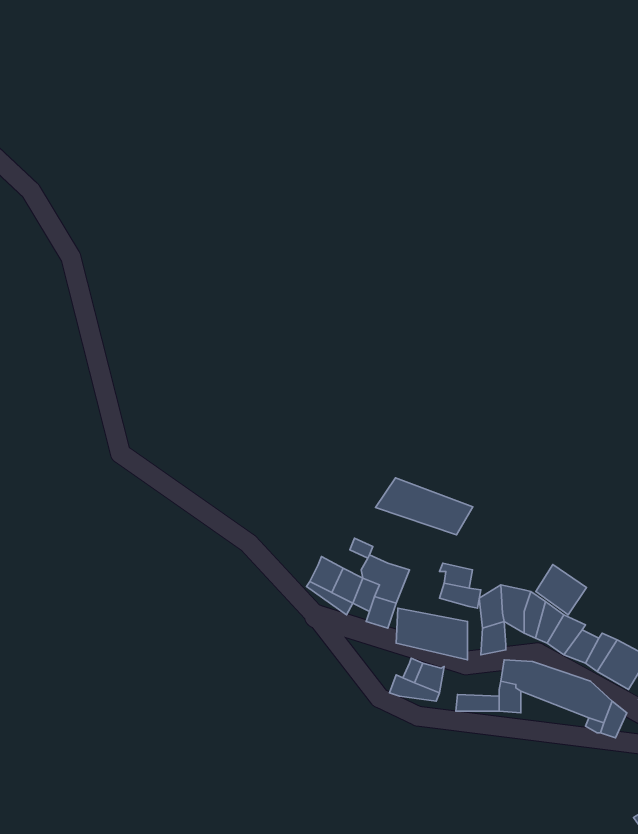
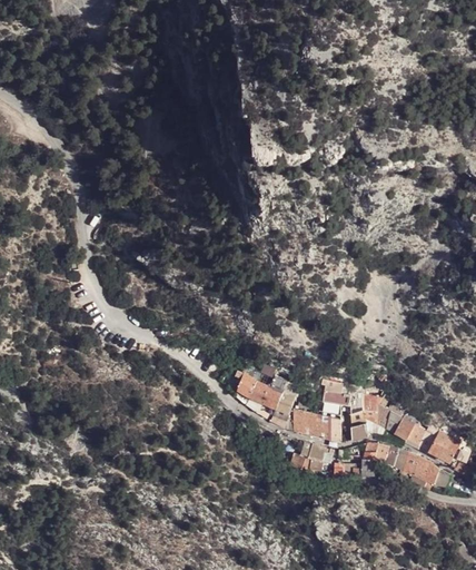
building: [376,478,473,535] -> none
building: [536,565,586,615] -> none

